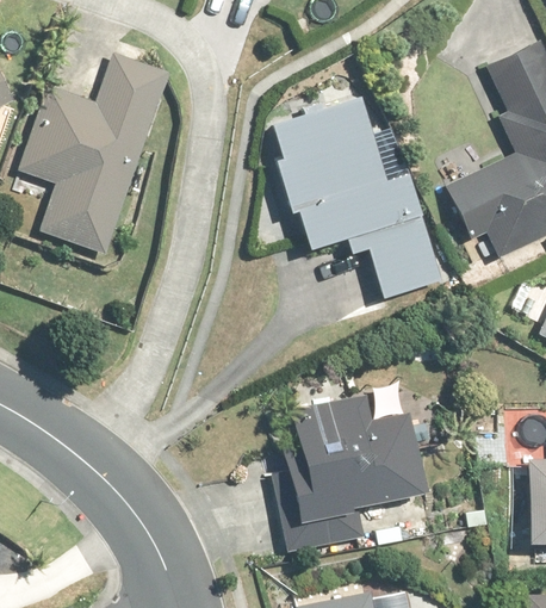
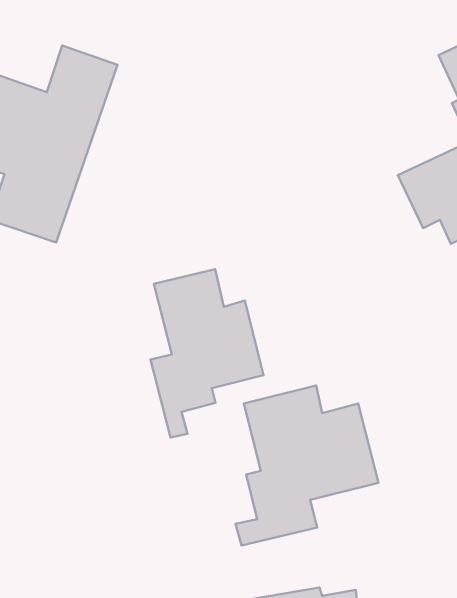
building: [275,98,442,297] -> none
building: none -> [151,269,263,437]

